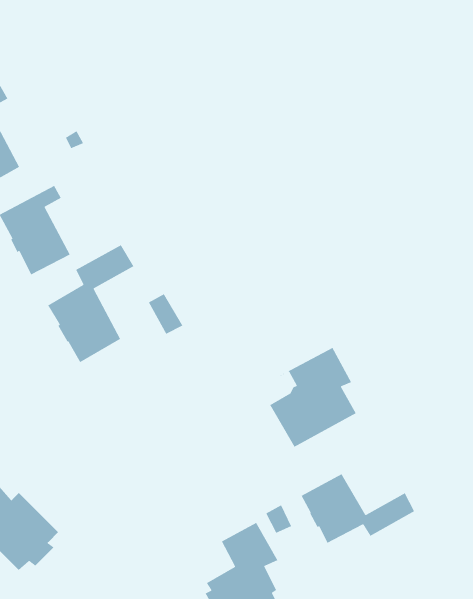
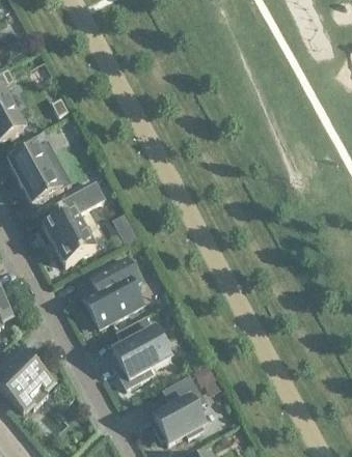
building: [269,347,357,448] -> [83,256,144,326]
building: none -> [113,316,171,388]
building: [300,473,415,544] -> none

